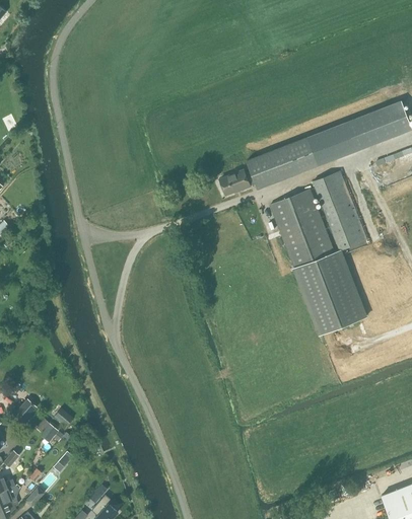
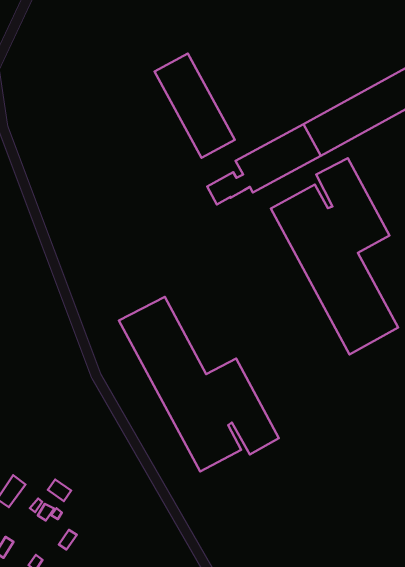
building: none -> [155,54,235,158]
building: none -> [119,297,279,472]

